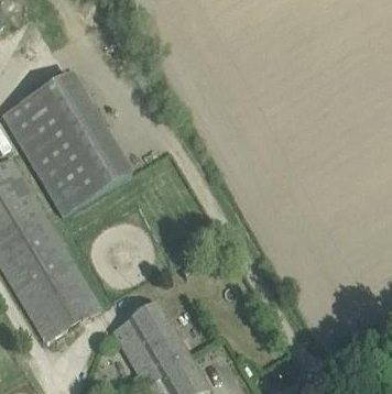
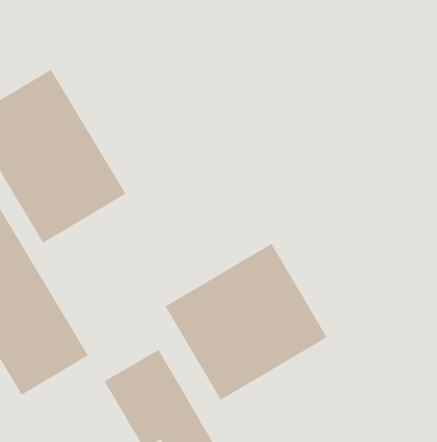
building: none -> [164,243,328,401]

